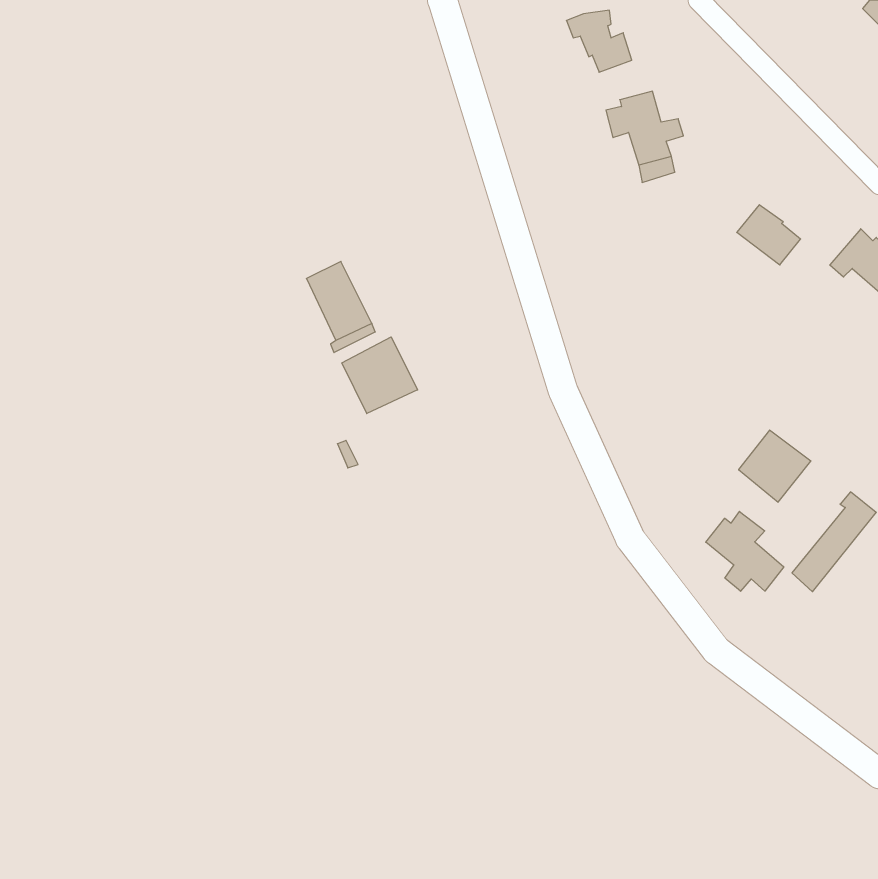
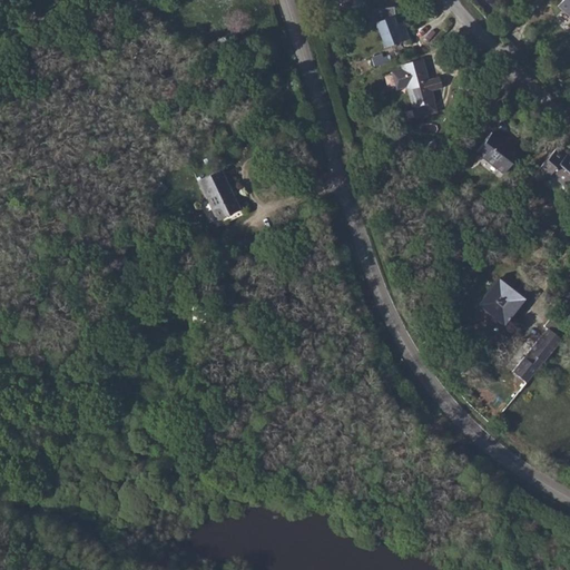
building: [342,337,418,414] -> none
building: [706,511,784,591] -> none

